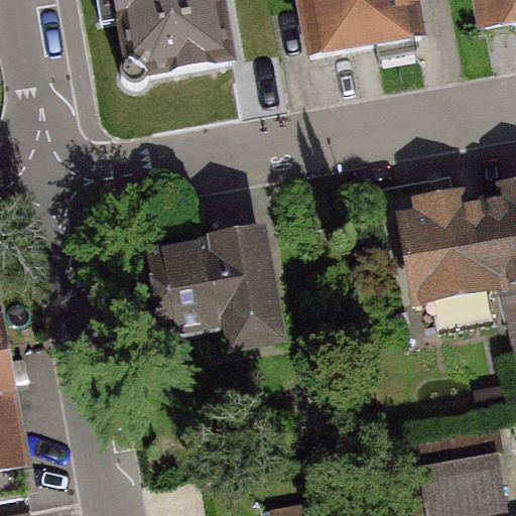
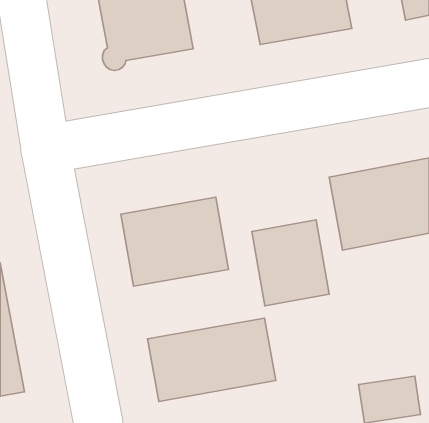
building: none -> [252,220,329,306]
building: none -> [148,318,276,401]

